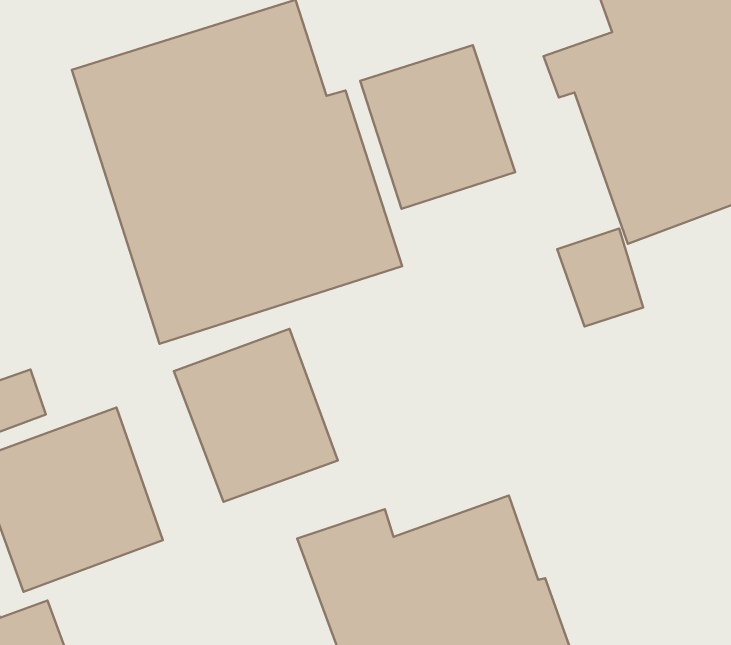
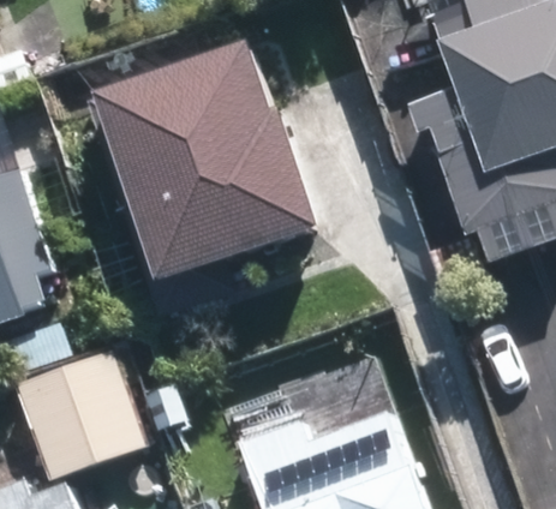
building: [360,45,515,209] -> none
building: [174,329,338,502] -> none

